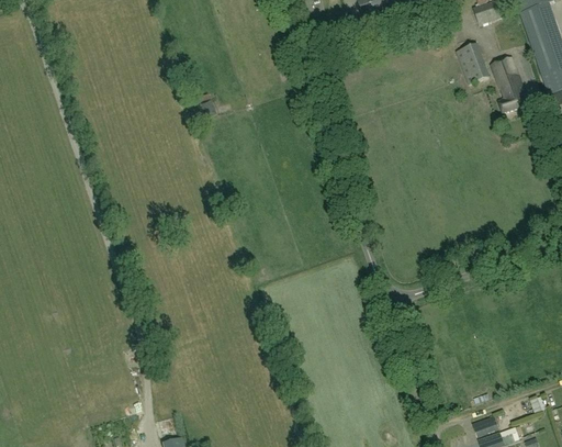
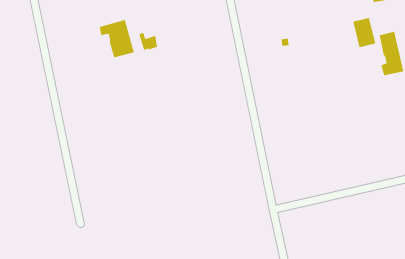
building: none -> [99,19,135,58]

